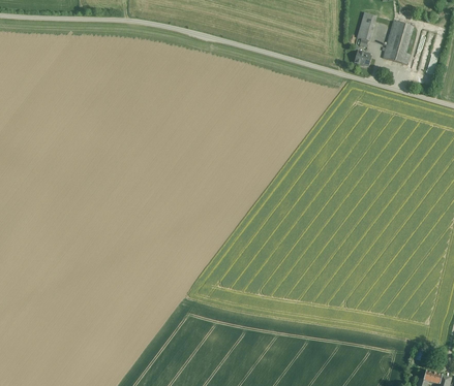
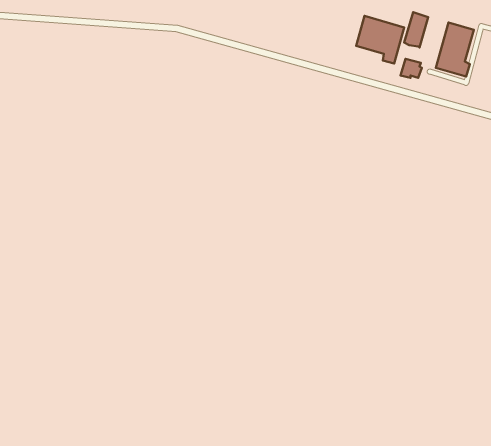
building: none -> [356,16,404,64]

